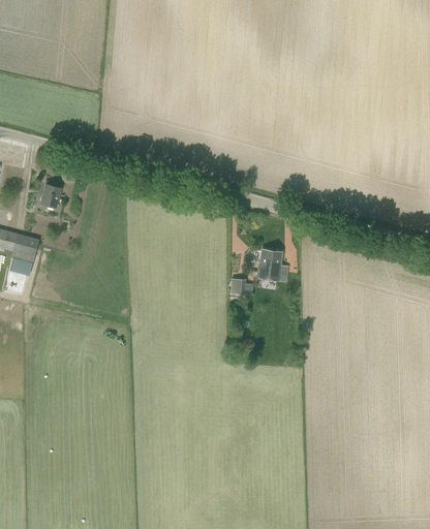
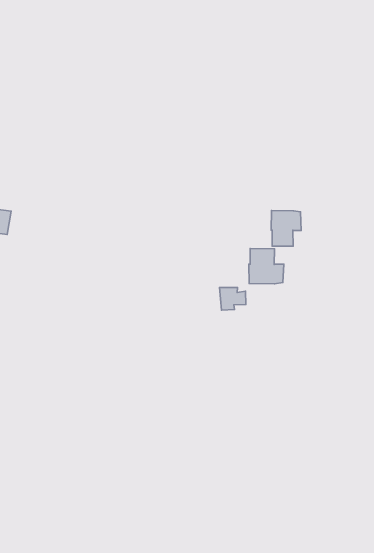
building: none -> [271,211,301,246]

